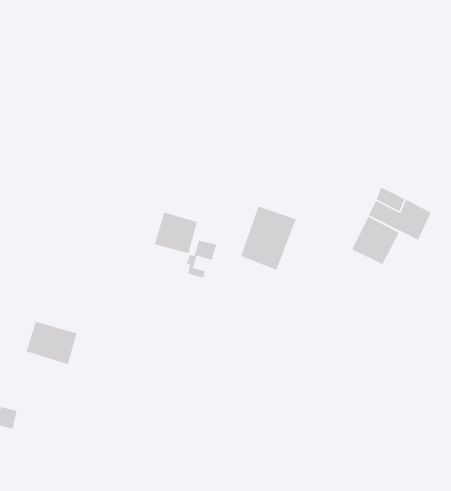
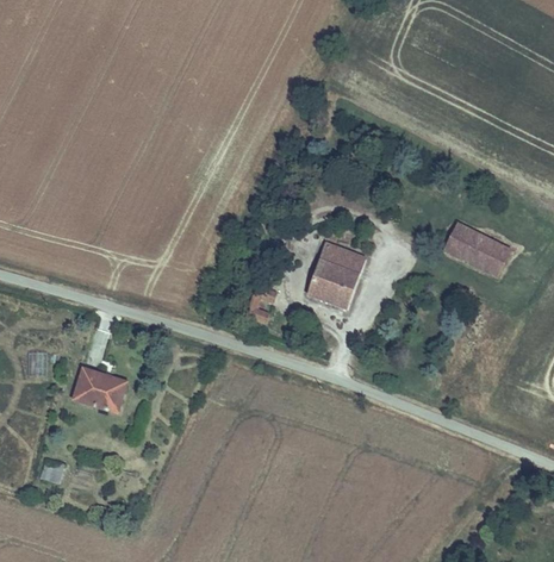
building: [154,212,198,254] -> none
building: [351,216,400,265] -> none

